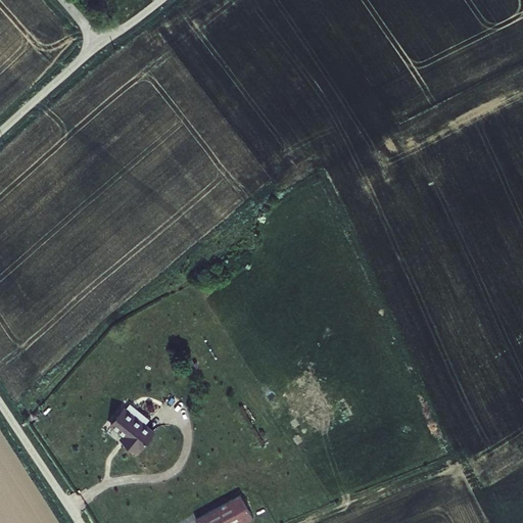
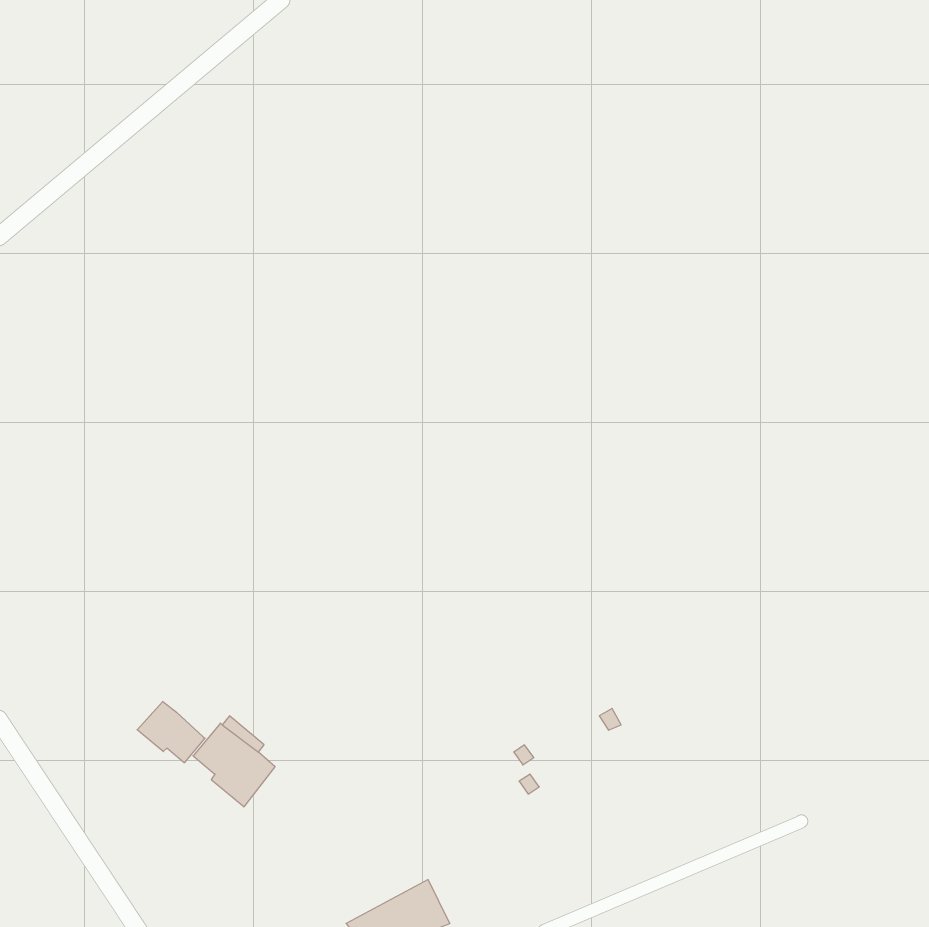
building: none -> [137,701,205,763]

